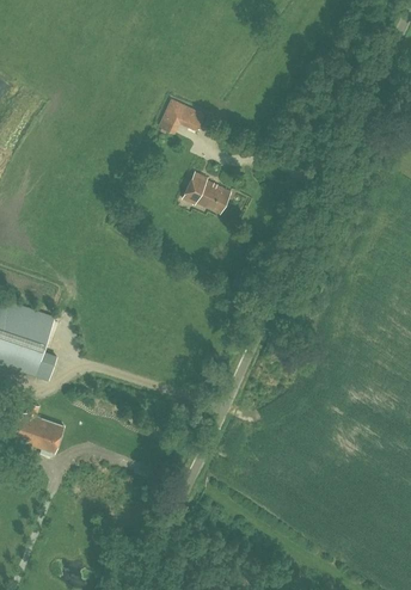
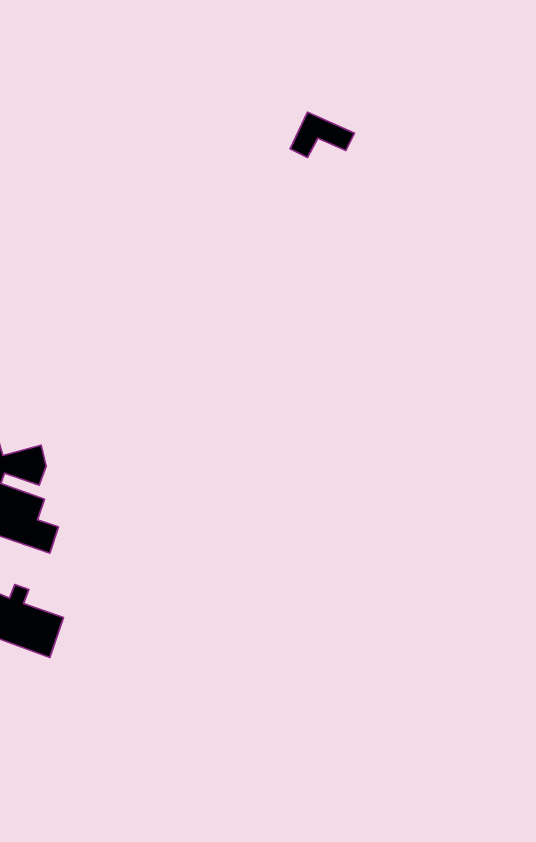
building: [159,103,203,134] -> [290,112,354,157]
building: [182,173,229,214] -> none

